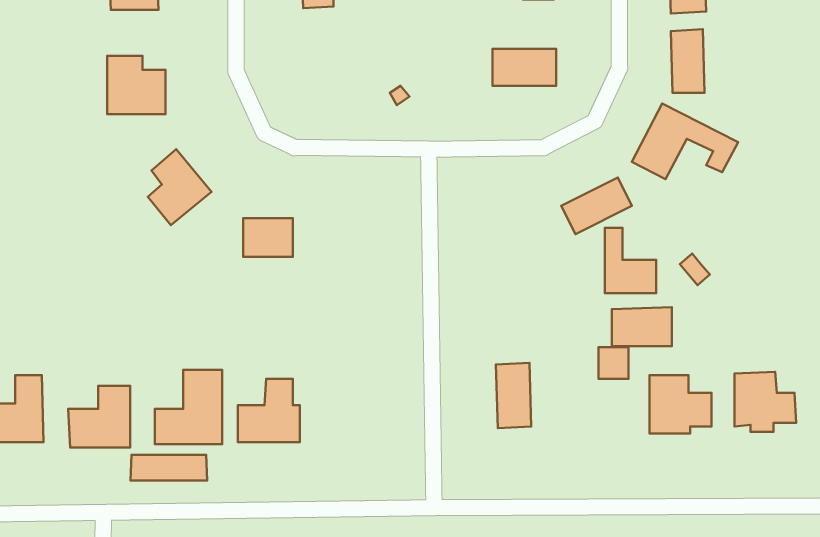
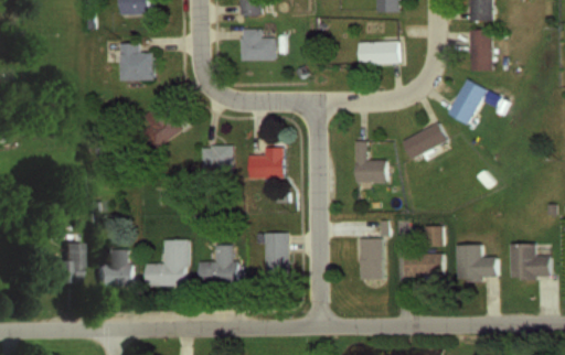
building: none -> [237,28,274,62]
building: none -> [249,149,285,180]
building: [605,228,656,293] -> [354,140,386,181]
building: [612,307,672,346] -> [404,252,441,277]
building: none -> [266,235,289,280]
building: [130,455,207,481] -> none

